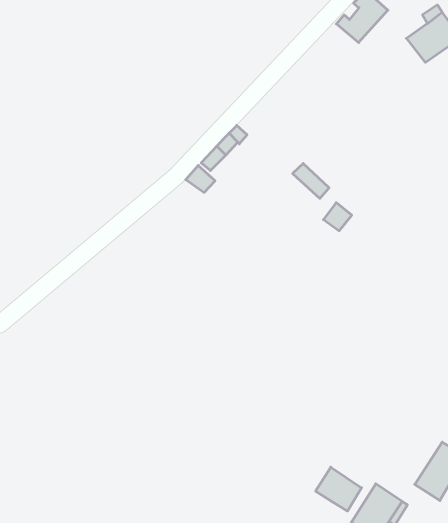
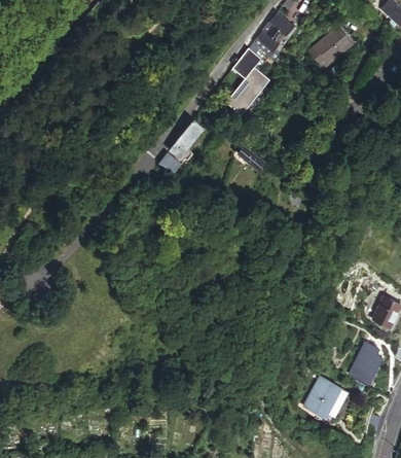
building: none -> [227,49,271,115]
building: [316,467,362,511] -> none

